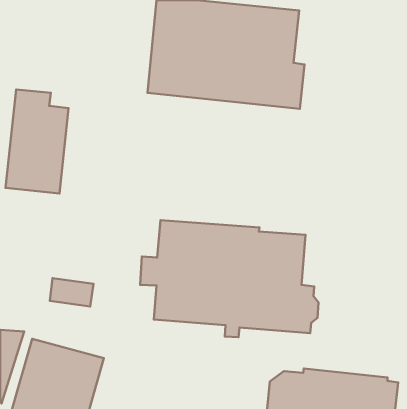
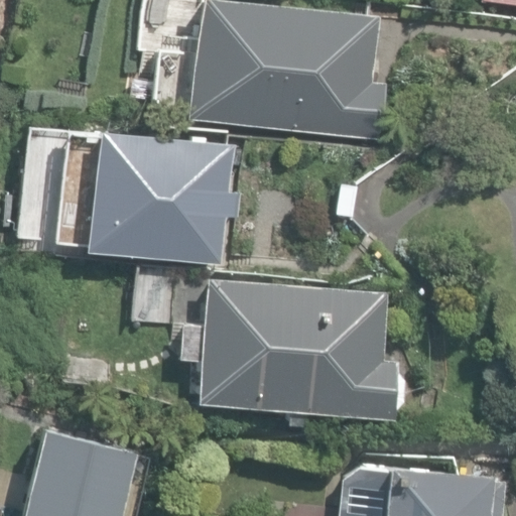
building: none -> [88,132,241,263]

